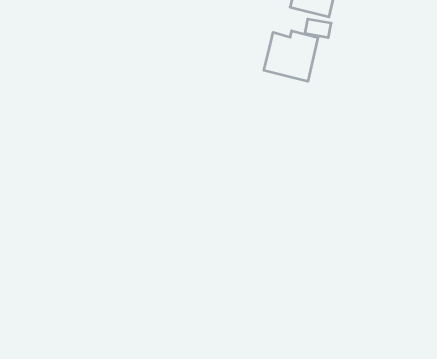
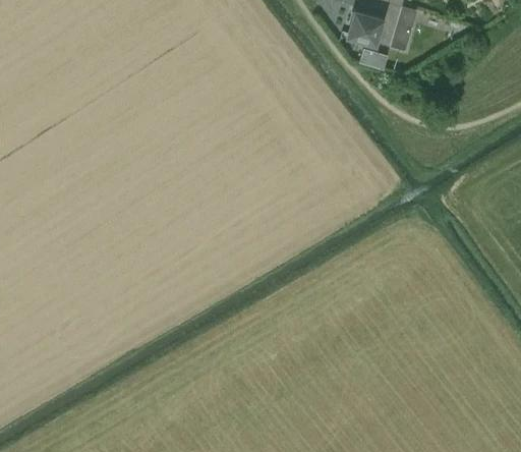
building: [264,31,318,81] -> none

